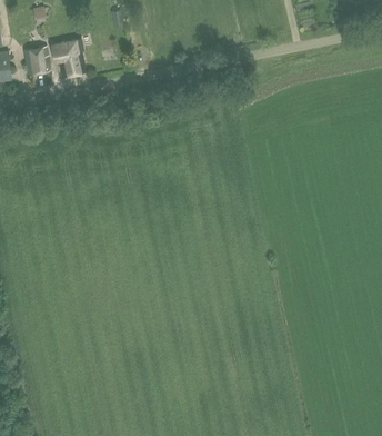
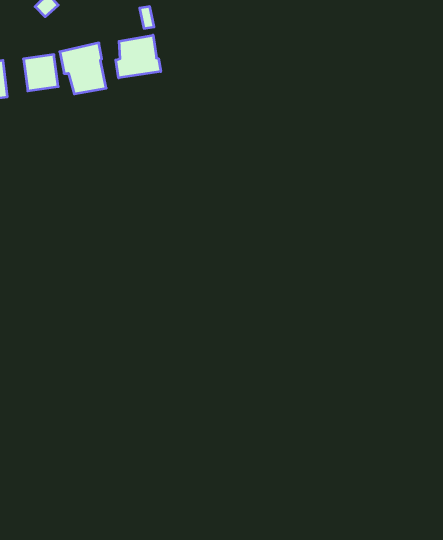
building: none -> [116,35,161,78]

